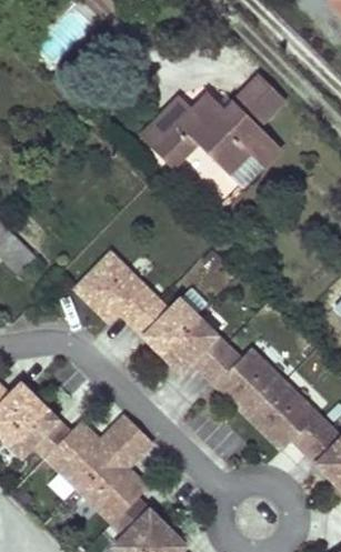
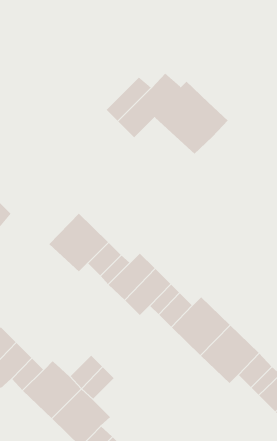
building: [233,76,284,127] -> none

